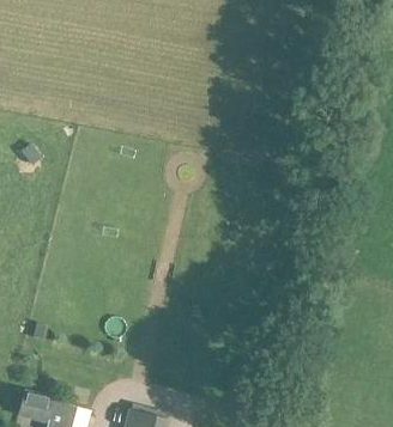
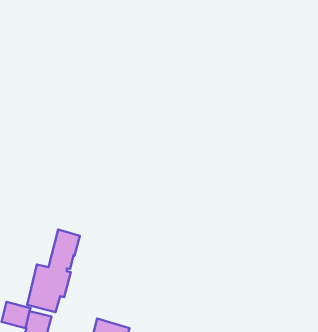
building: none -> [27,230,80,312]

